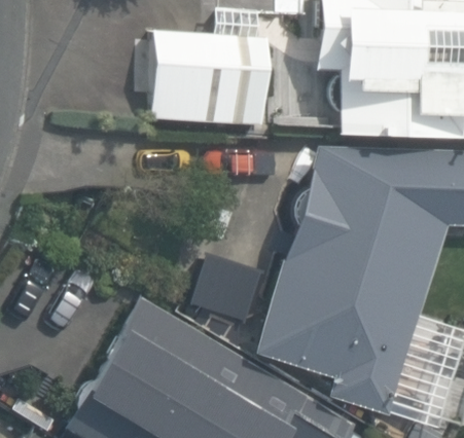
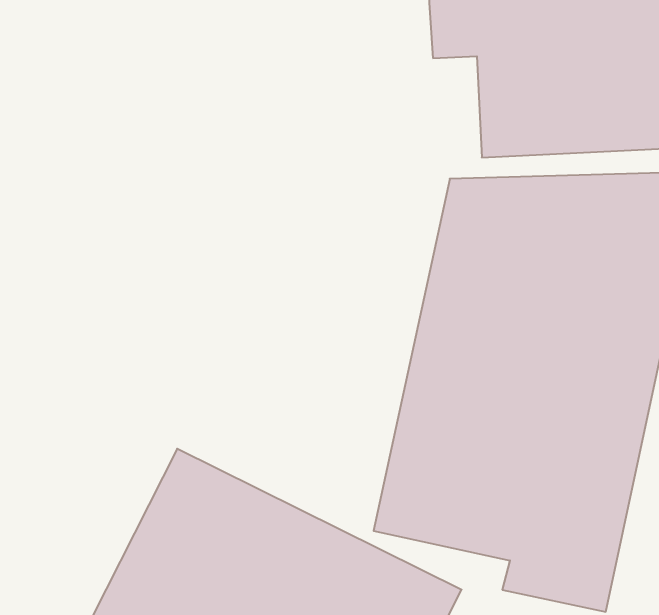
building: [149,32,266,120] -> none

